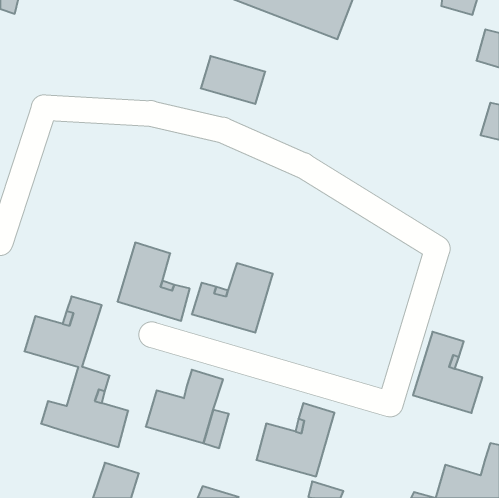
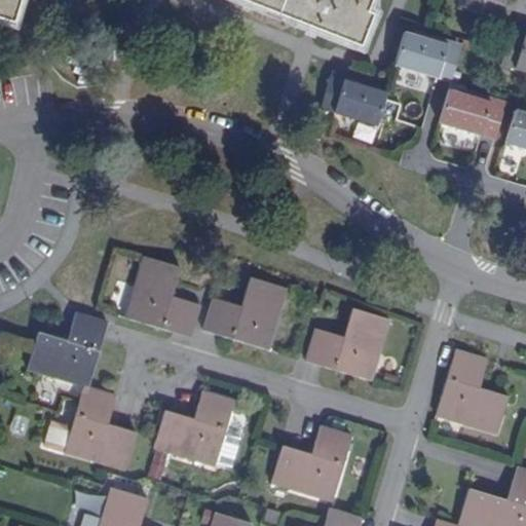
building: none -> [396,30,461,81]
building: [201,56,265,104] -> [321,74,388,124]
building: none -> [439,87,504,139]
building: none -> [305,307,389,380]

